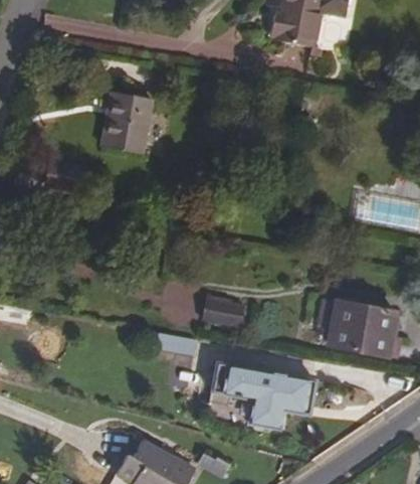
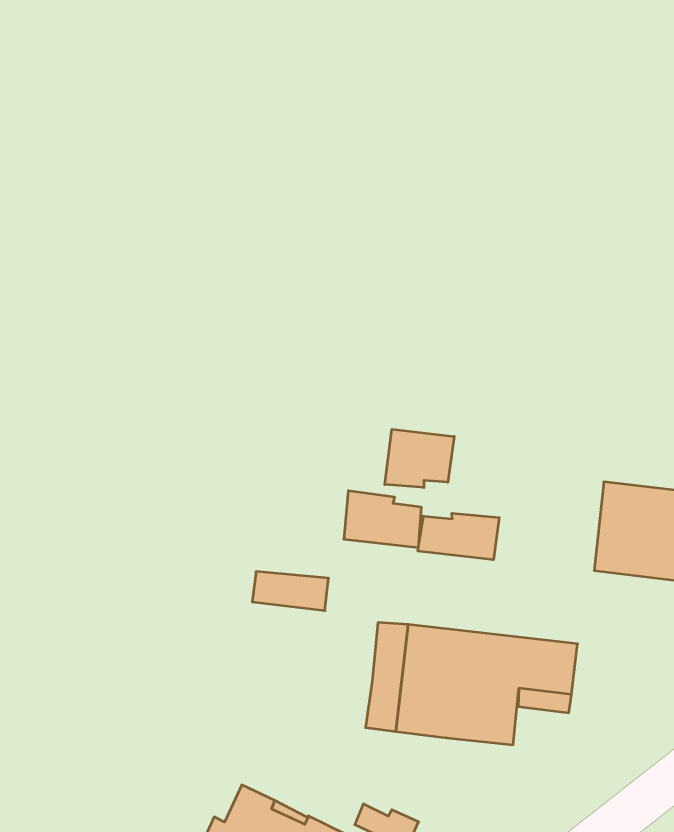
building: [102,92,153,154] -> none
building: none -> [385,429,454,488]
building: none -> [418,513,499,560]

